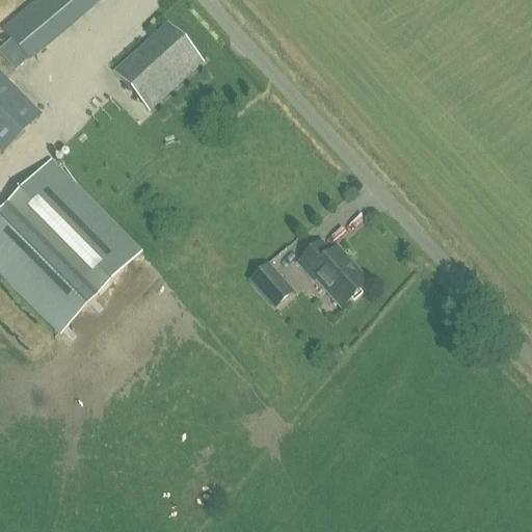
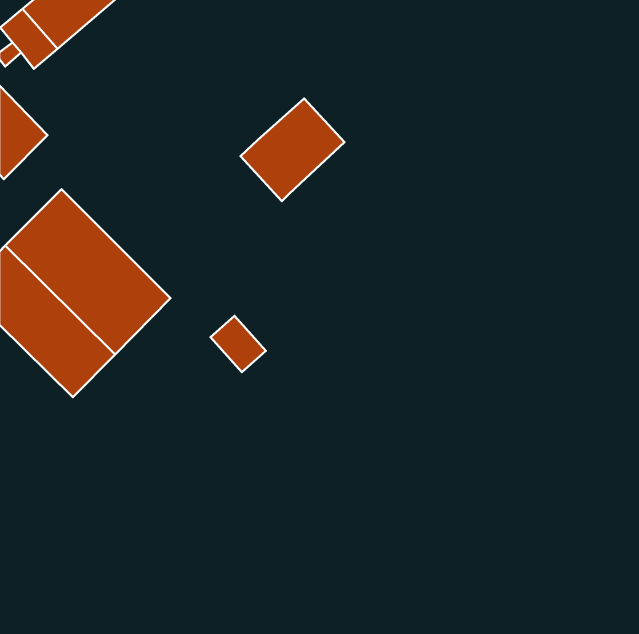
building: [115,21,202,106] -> [240,98,344,201]
building: [297,239,369,304] -> none
building: [248,259,294,305] -> [211,316,266,372]

